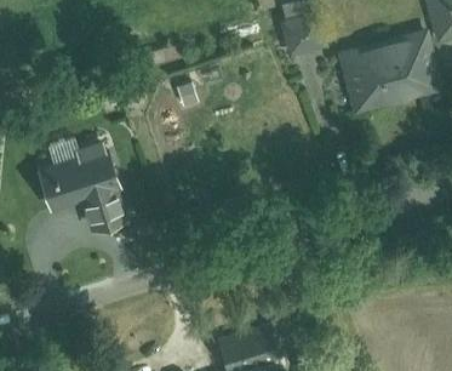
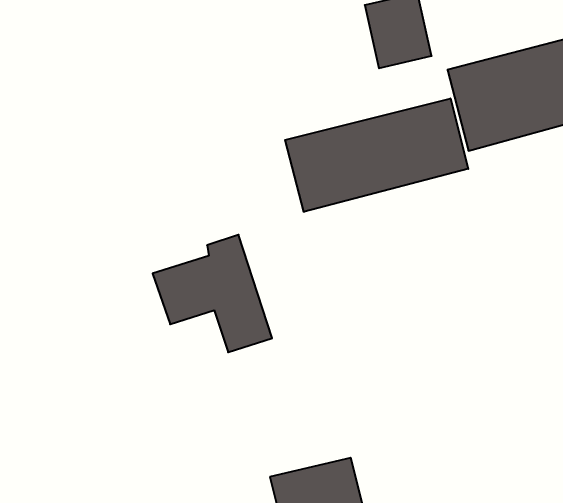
building: none -> [285,98,468,212]
building: [39,144,121,226] -> [153,235,272,352]

